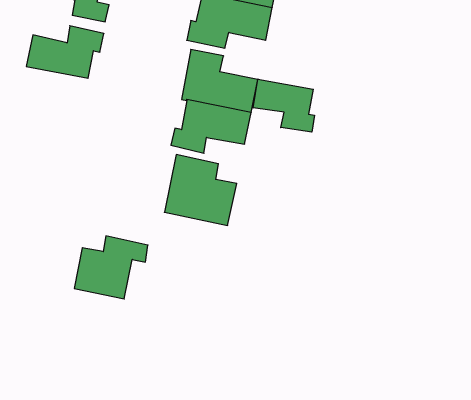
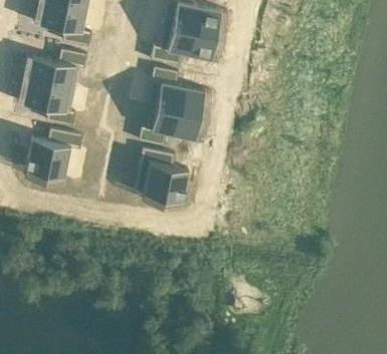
building: none -> [23,80,75,126]
building: [253,79,314,132] -> none
building: [74,236,148,299] -> [26,129,82,178]

